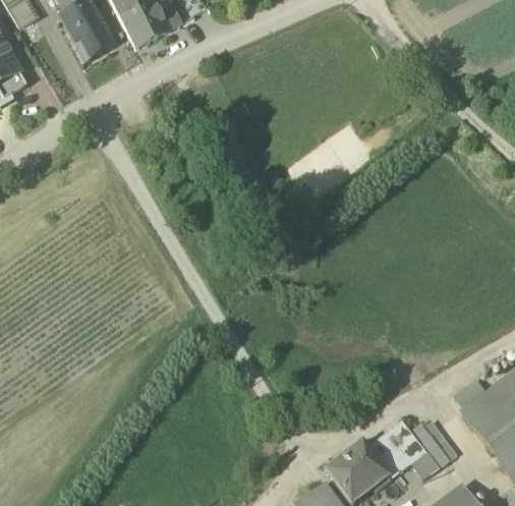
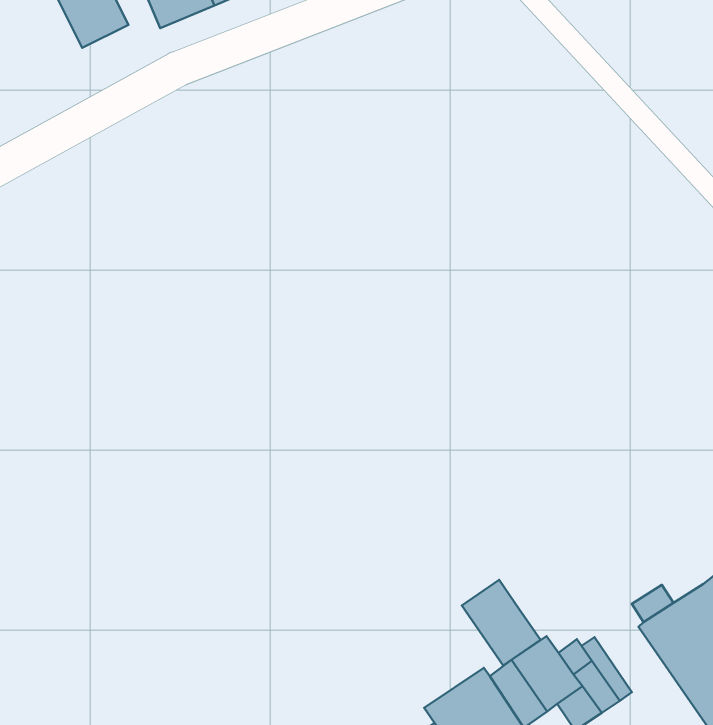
building: none -> [462,580,541,666]

